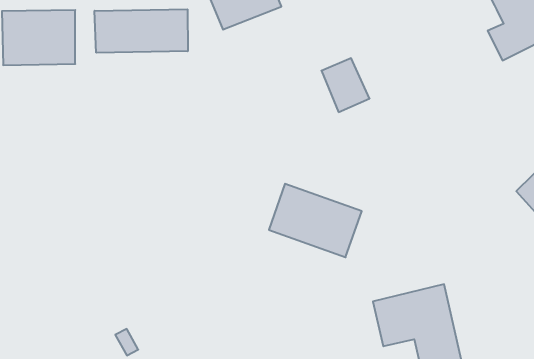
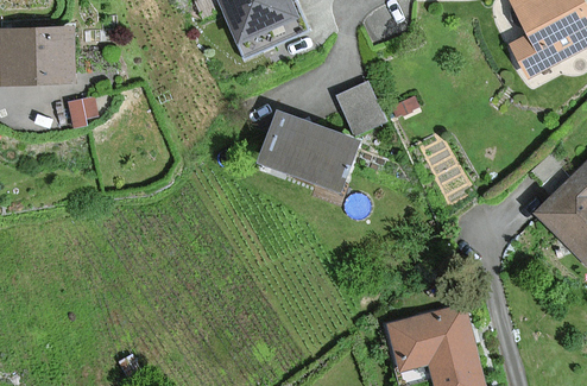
building: [95,9,188,53] -> none
building: [269,184,362,257] -> [261,114,358,190]

